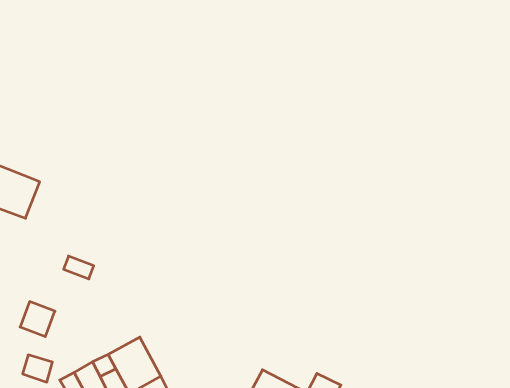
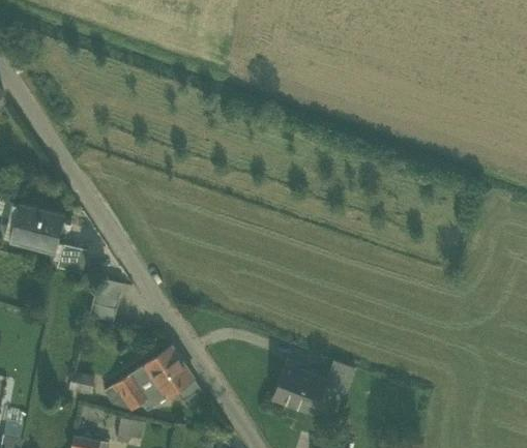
building: none -> [57,244,87,274]
building: [20,302,55,337] -> [89,293,119,323]

